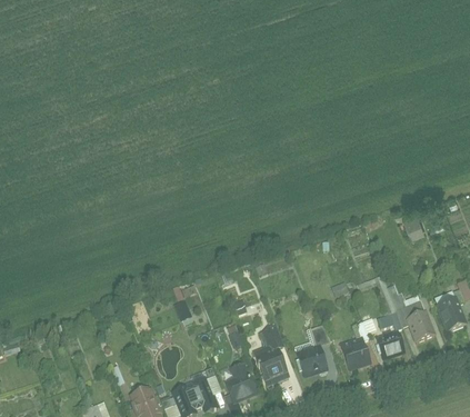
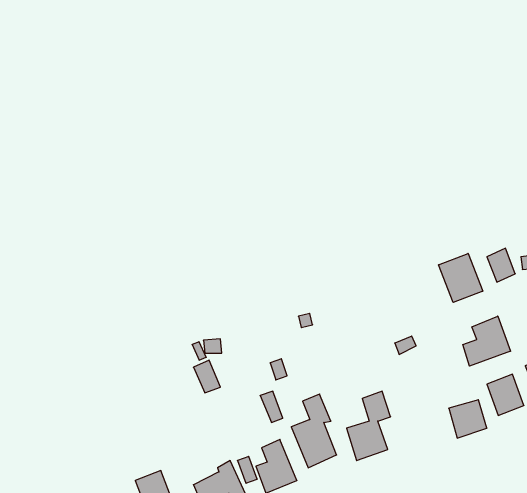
building: none -> [439,253,483,302]
building: none -> [463,316,511,366]
building: [340,336,371,370] -> none

